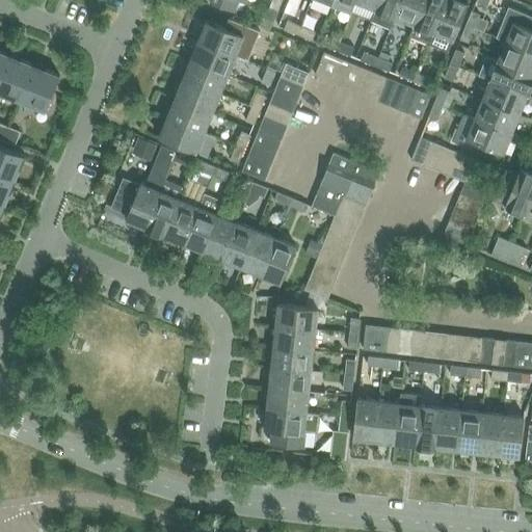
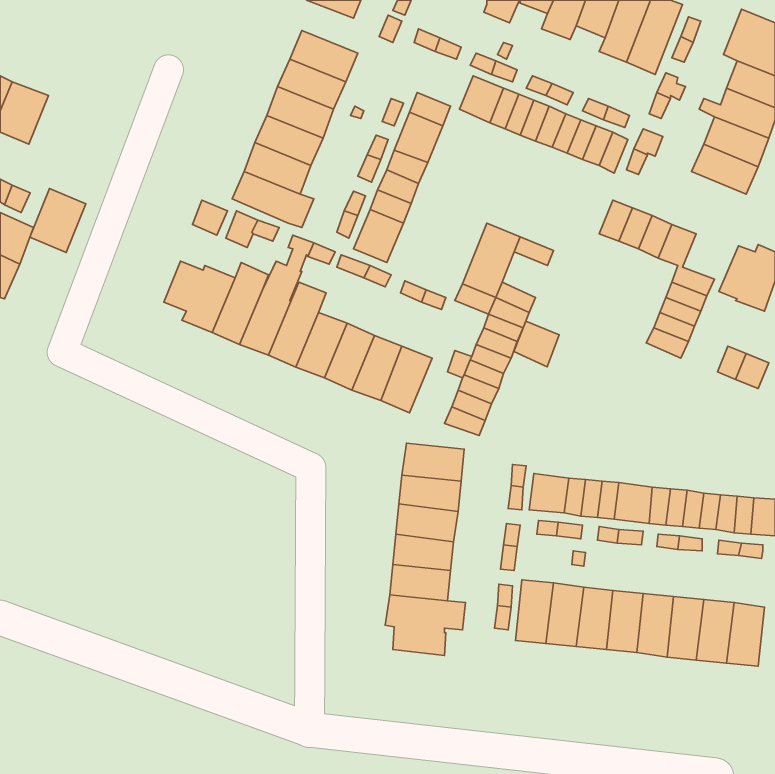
building: [20,66,58,110] -> [30,189,86,252]
building: [449,114,511,154] -> none
building: [344,174,375,205] -> [514,321,559,367]

